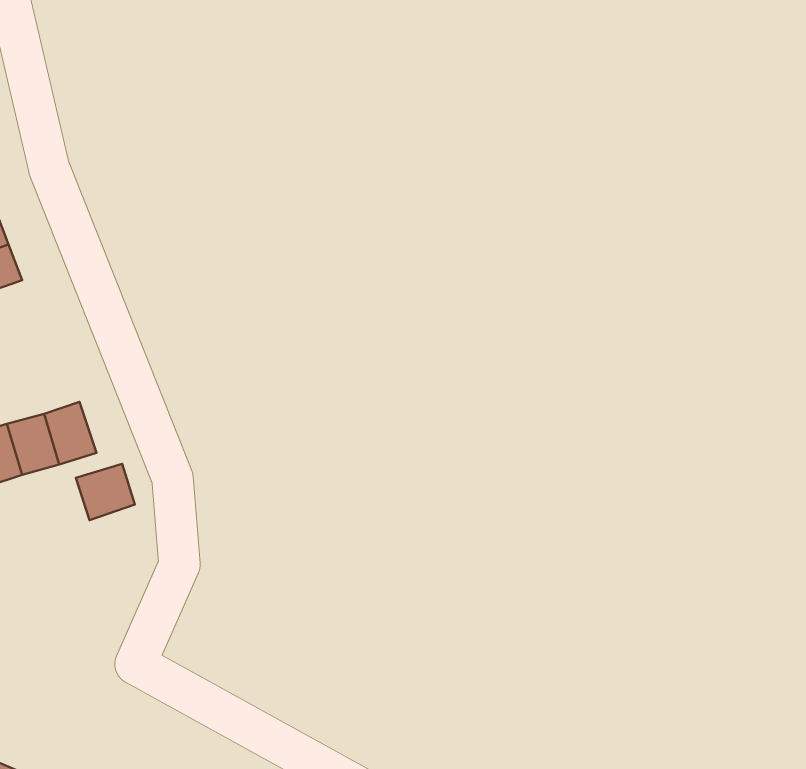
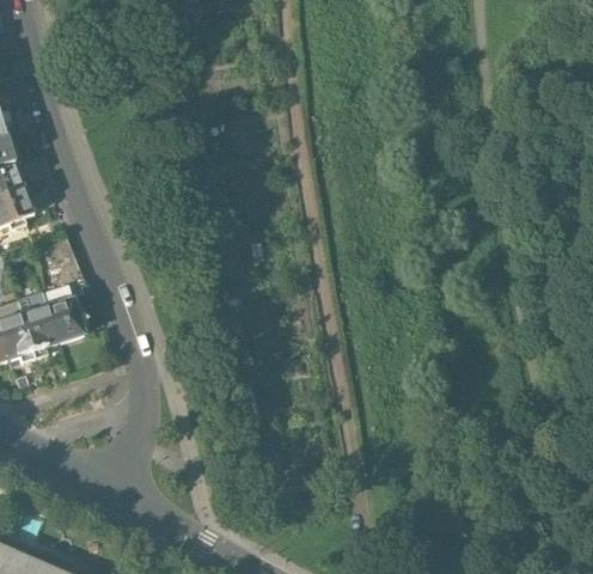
building: [76,464,135,520] -> none

